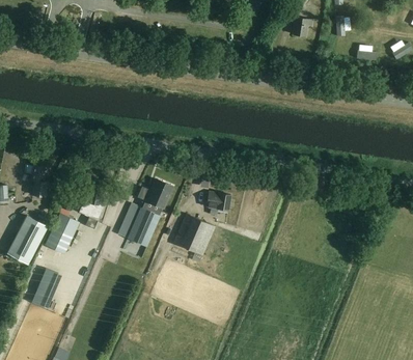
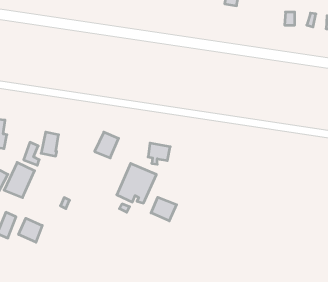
building: [127,206,159,246] -> none
building: none -> [151,197,177,221]
building: none -> [19,218,42,242]

